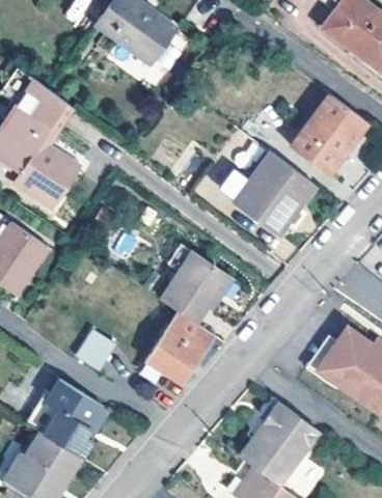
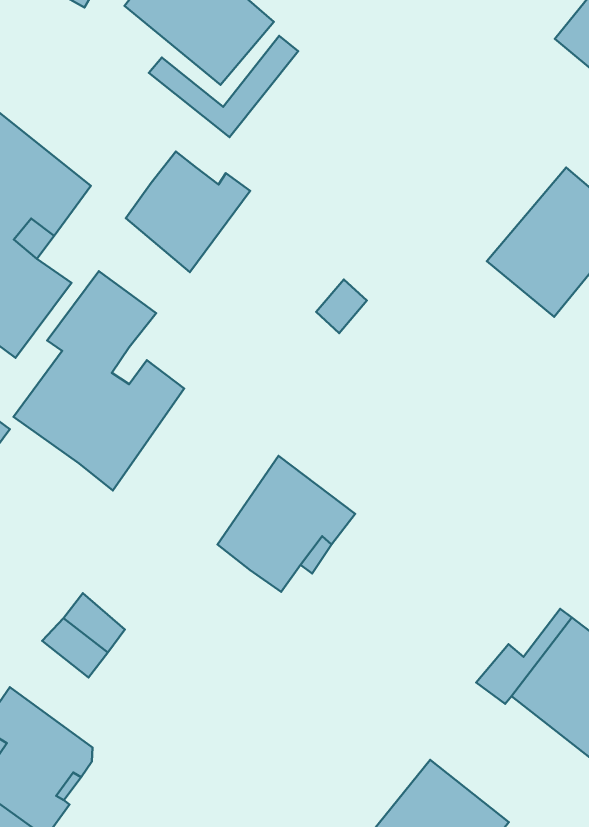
building: none -> [126,152,250,272]
building: [236,153,318,234] -> none
building: none -> [14,271,184,490]
building: [147,312,215,384] -> none

